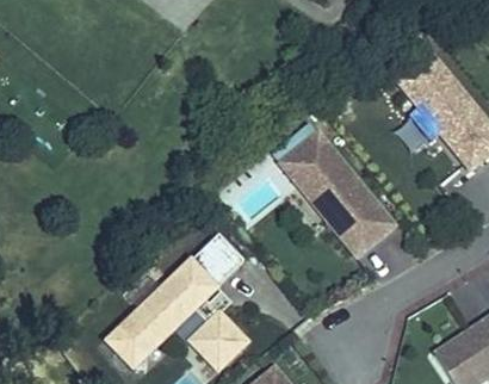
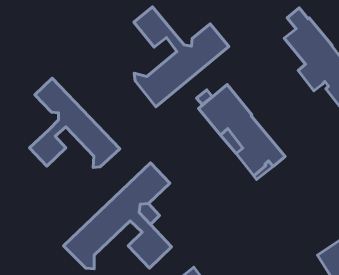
building: none -> [134,7,229,107]
building: none -> [30,78,120,168]

